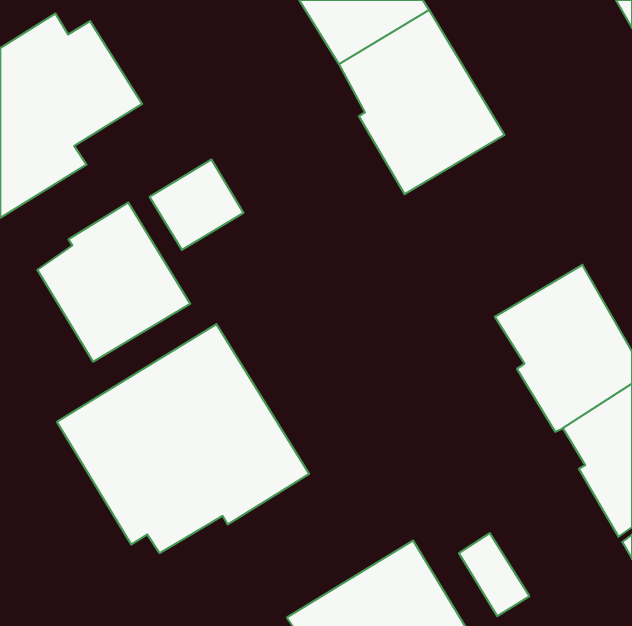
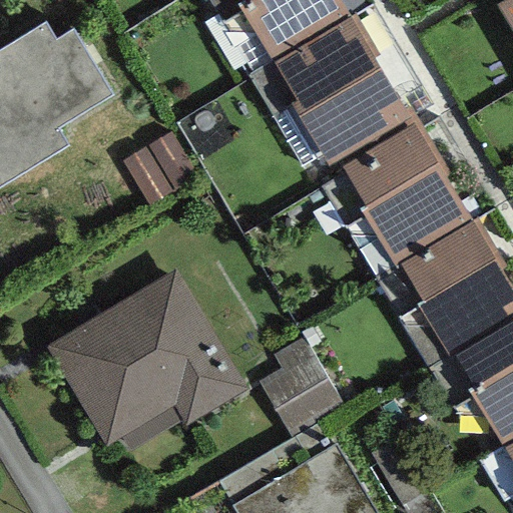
building: none -> [341,122,472,265]
building: [37,202,190,362] -> none
building: none -> [256,338,344,438]

